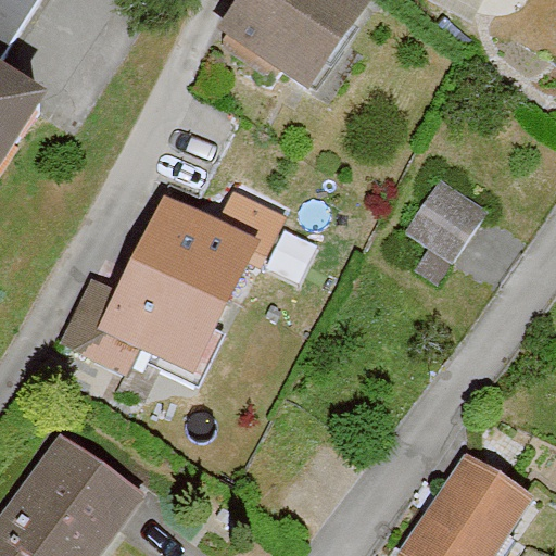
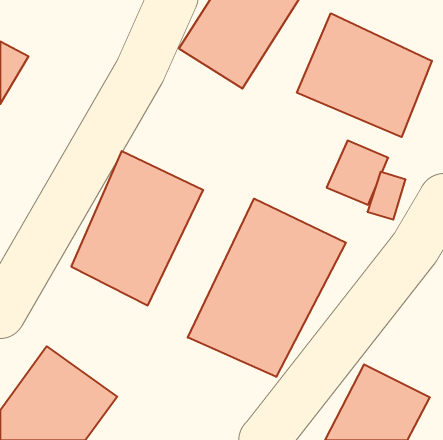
building: none -> [297,13,432,137]
building: none -> [188,199,346,377]

